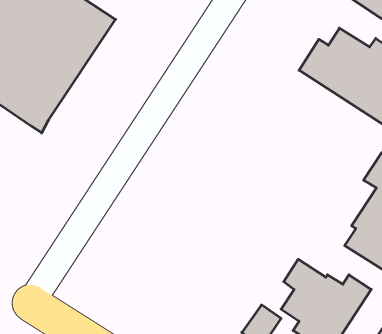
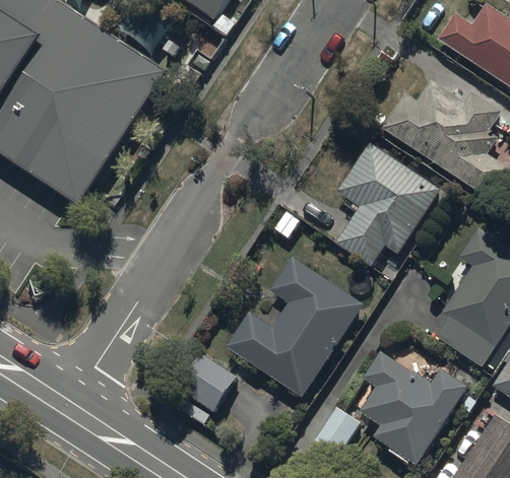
building: none -> [334,142,441,267]
building: none -> [229,259,366,398]
building: none -> [176,349,238,410]

